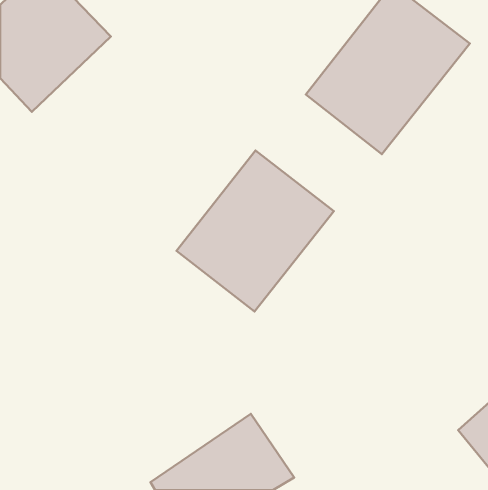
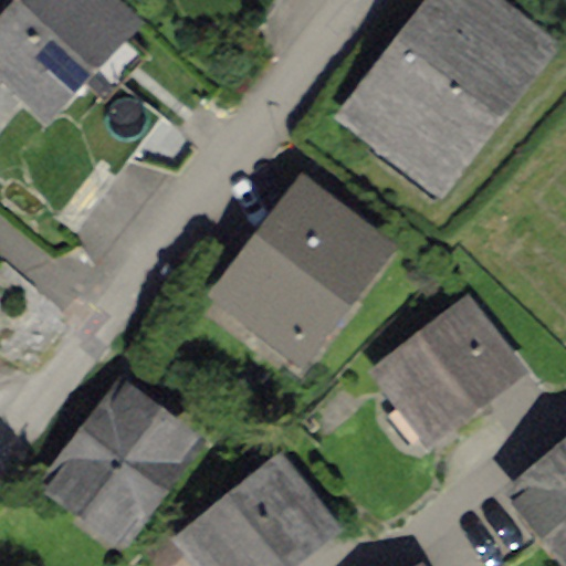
building: none -> [378,308,524,441]
building: none -> [43,384,202,543]

